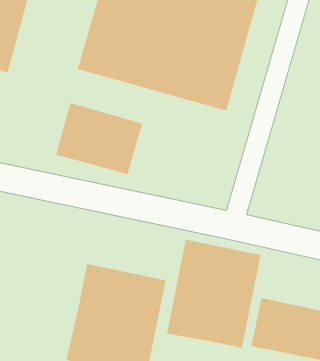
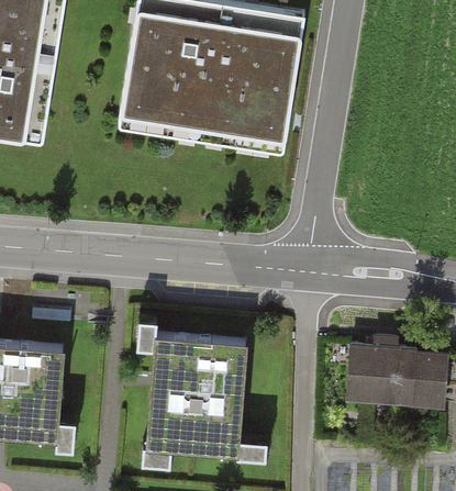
building: [55,102,143,175] -> none
building: [166,239,261,349] -> none

